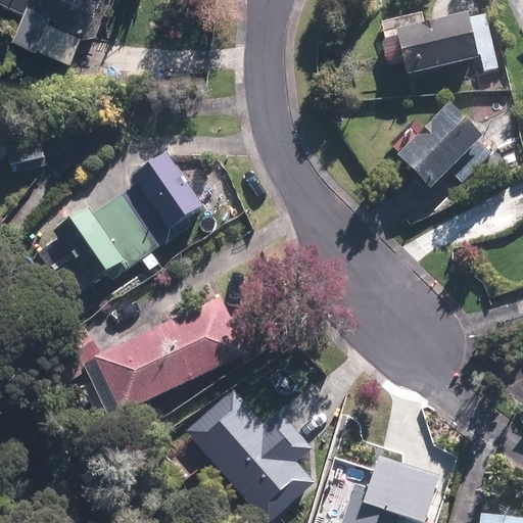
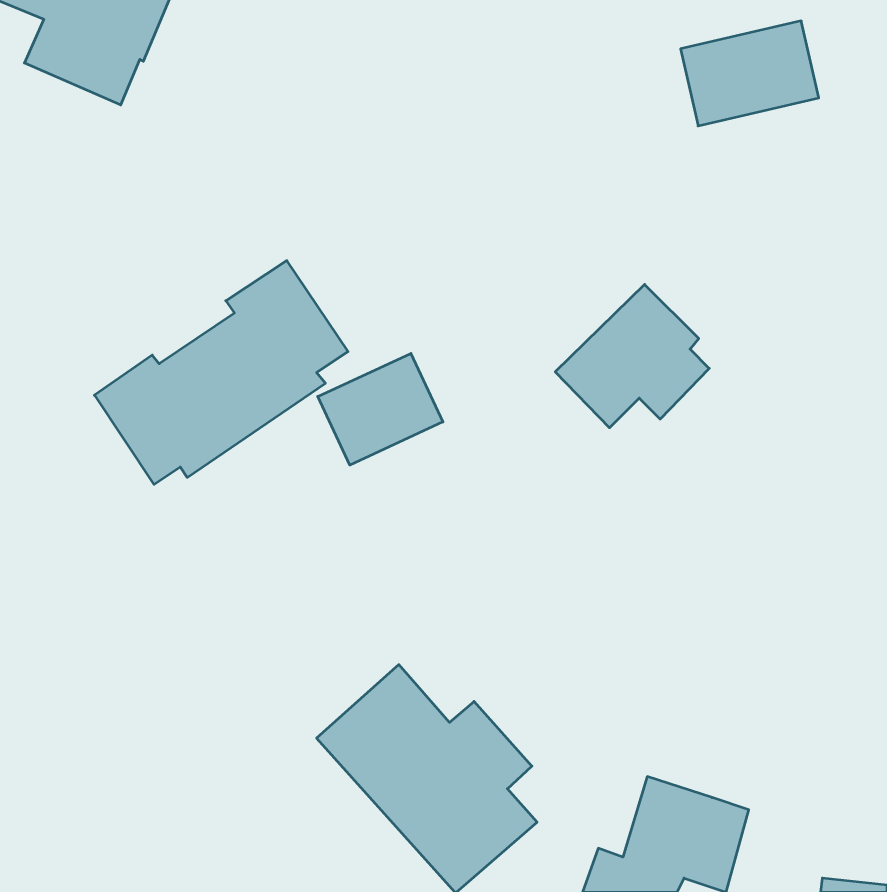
building: [398,103,488,187] -> [555,284,709,428]
building: none -> [318,353,443,465]
building: [43,296,245,417] -> none

